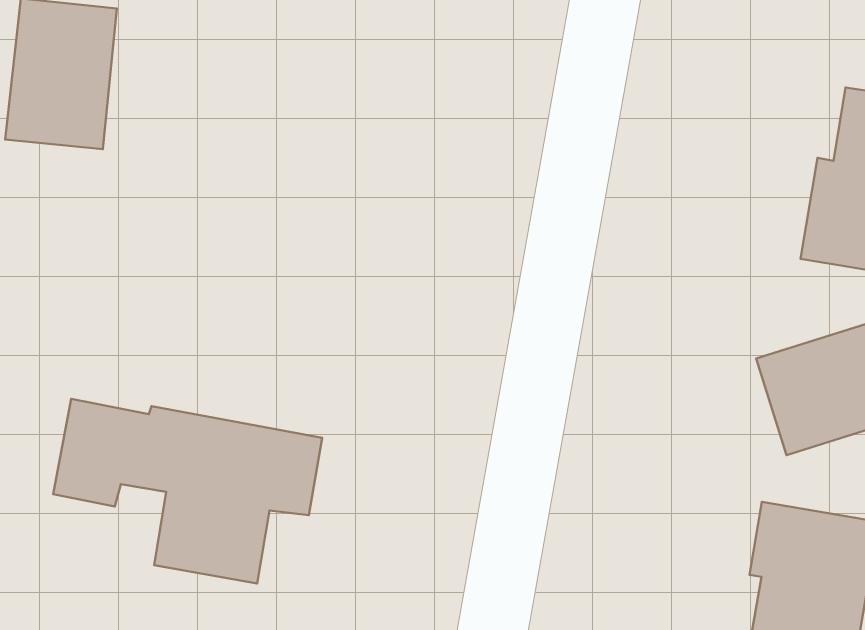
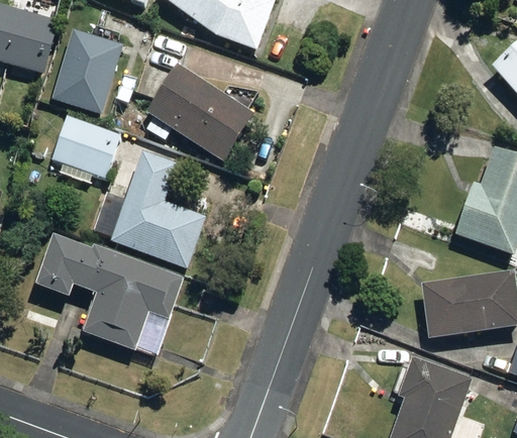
building: none -> [150,67,256,162]
building: none -> [53,117,121,180]
building: none -> [113,155,208,271]

